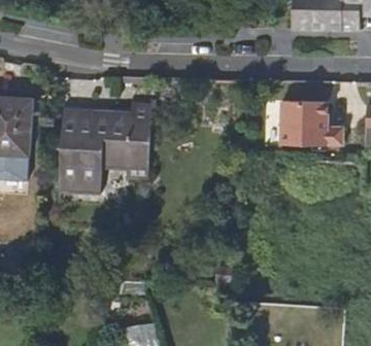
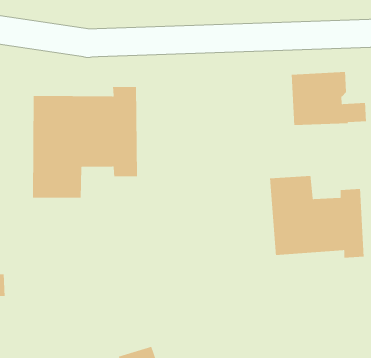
building: none -> [269,175,365,258]

